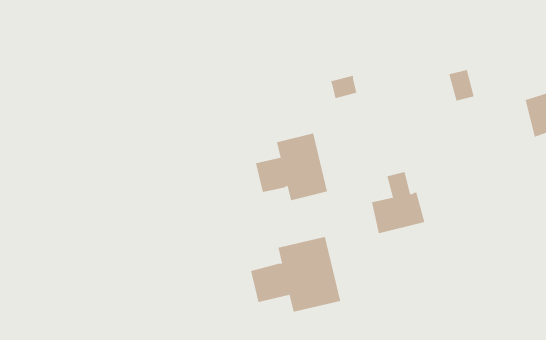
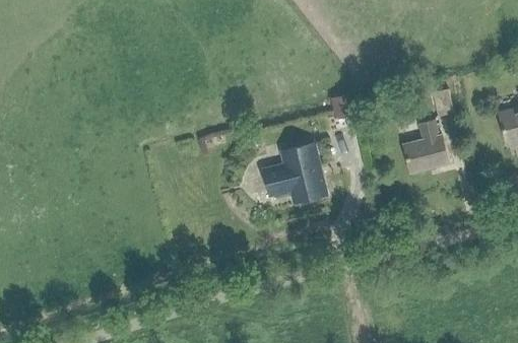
building: [371,172,425,234] -> [403,120,450,174]
building: [250,236,341,312] -> none

